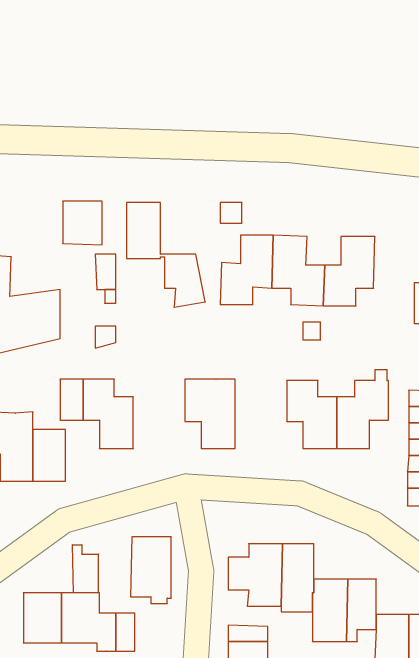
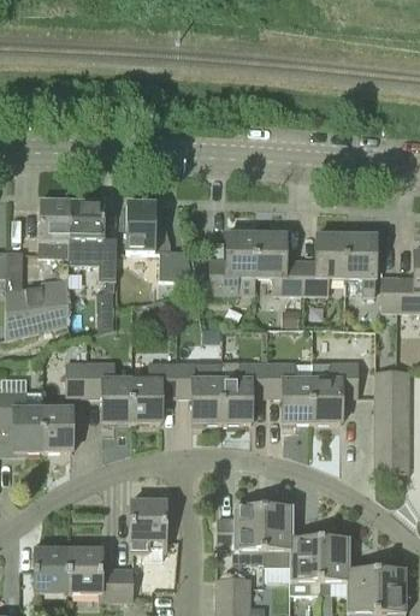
building: none -> [40,201,70,257]
building: none -> [345,233,375,295]
building: none -> [132,360,178,421]
building: none -> [223,360,268,421]
building: [72,545,98,593] -> none

